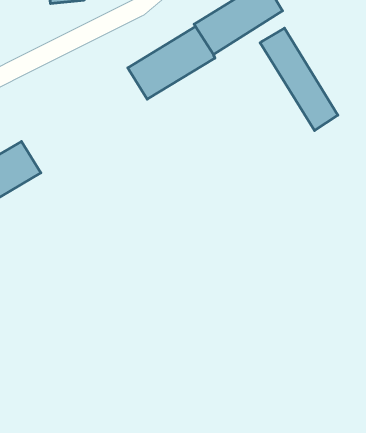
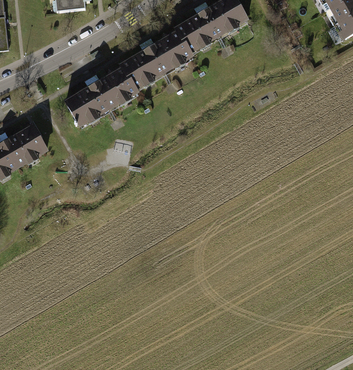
building: [260,28,338,130] -> none
building: none -> [62,67,136,128]

